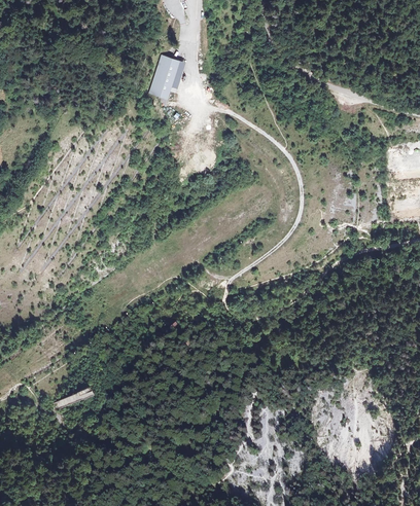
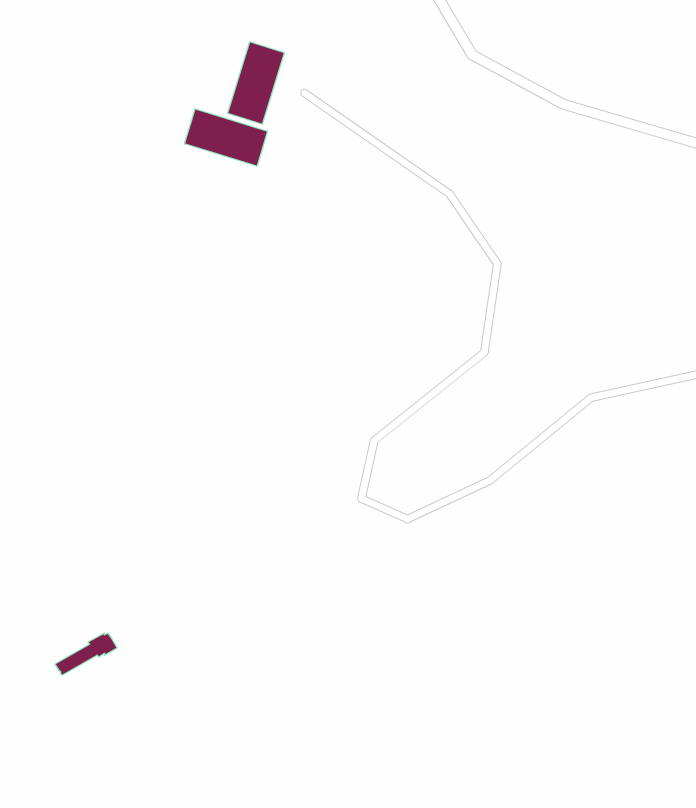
building: none -> [185,109,268,166]

